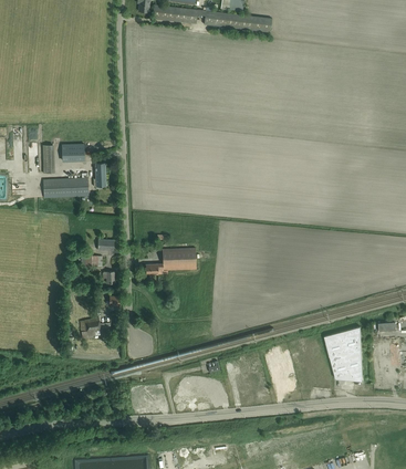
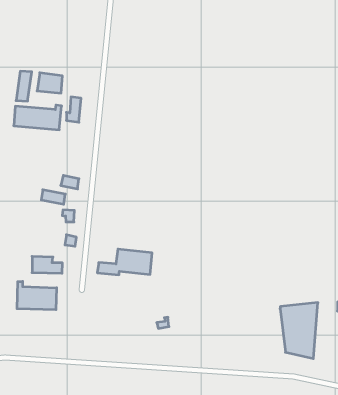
building: [146,249,197,275] -> [97,249,152,275]
building: none -> [17,281,57,310]

